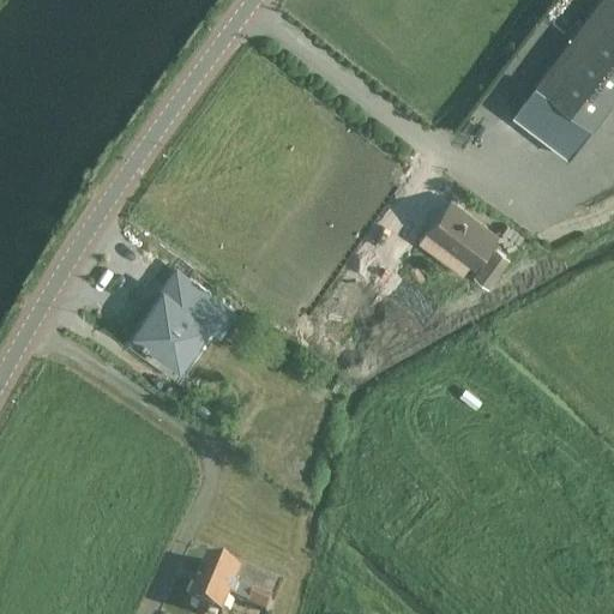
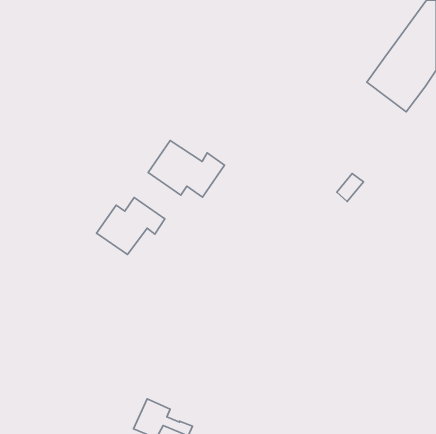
building: none -> [148,141,225,197]
building: [417,203,495,267] -> none

